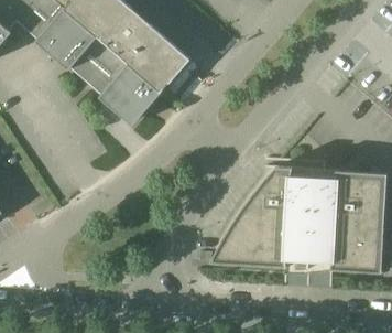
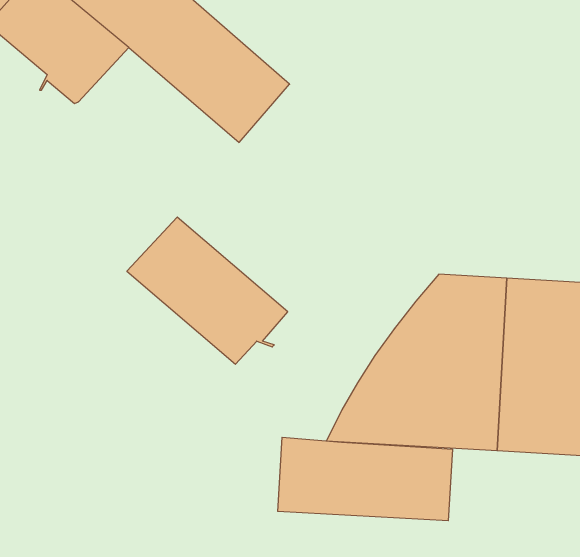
building: [70,36,162,120] -> [127,217,288,364]
building: none -> [278,437,452,521]

